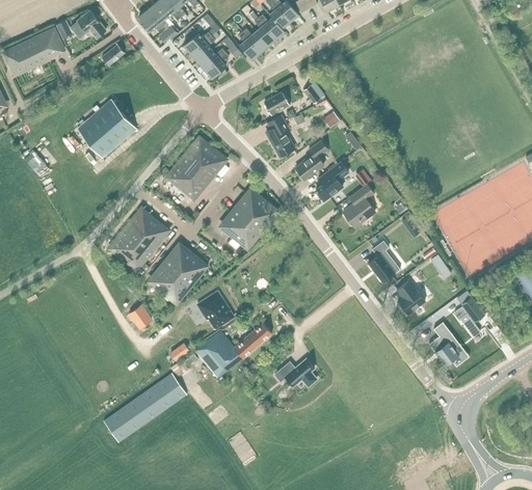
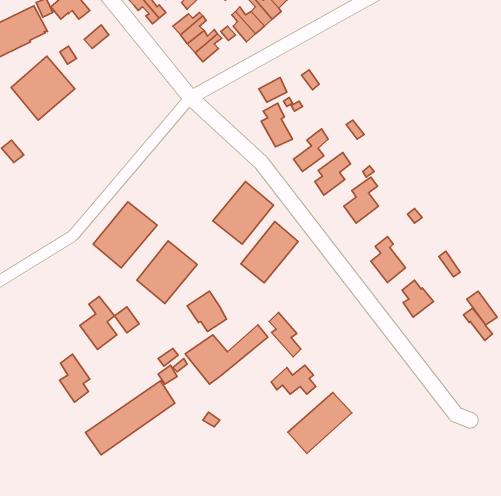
building: [77,99,136,158] -> [11,56,75,120]
building: [166,137,225,199] -> none
building: none -> [241,222,298,283]
building: none -> [80,297,117,349]
building: none -> [269,313,301,357]
building: [428,322,459,365] -> none
building: none -> [60,354,90,402]
building: none -> [288,393,352,453]

